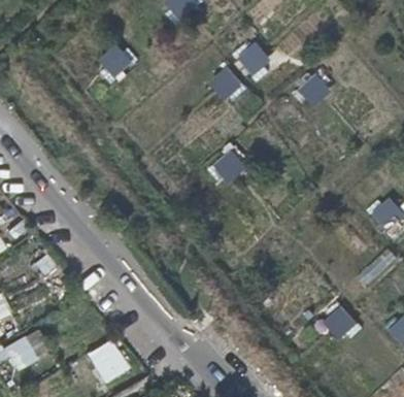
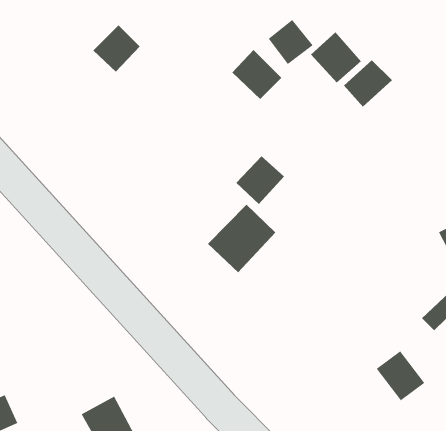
building: none -> [310,32,362,83]
building: none -> [207,204,276,273]

